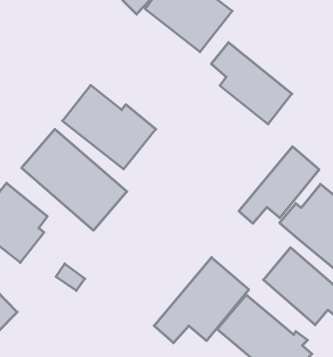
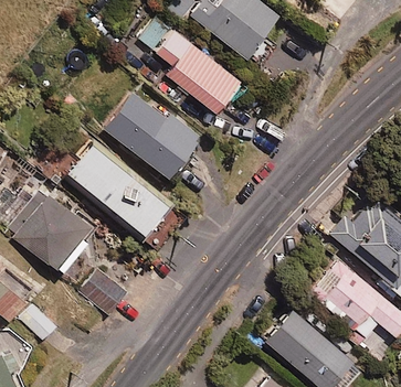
building: [211,42,292,124] -> [157,30,240,114]
building: [239,147,319,223] -> none
building: [154,257,249,343] -> none

